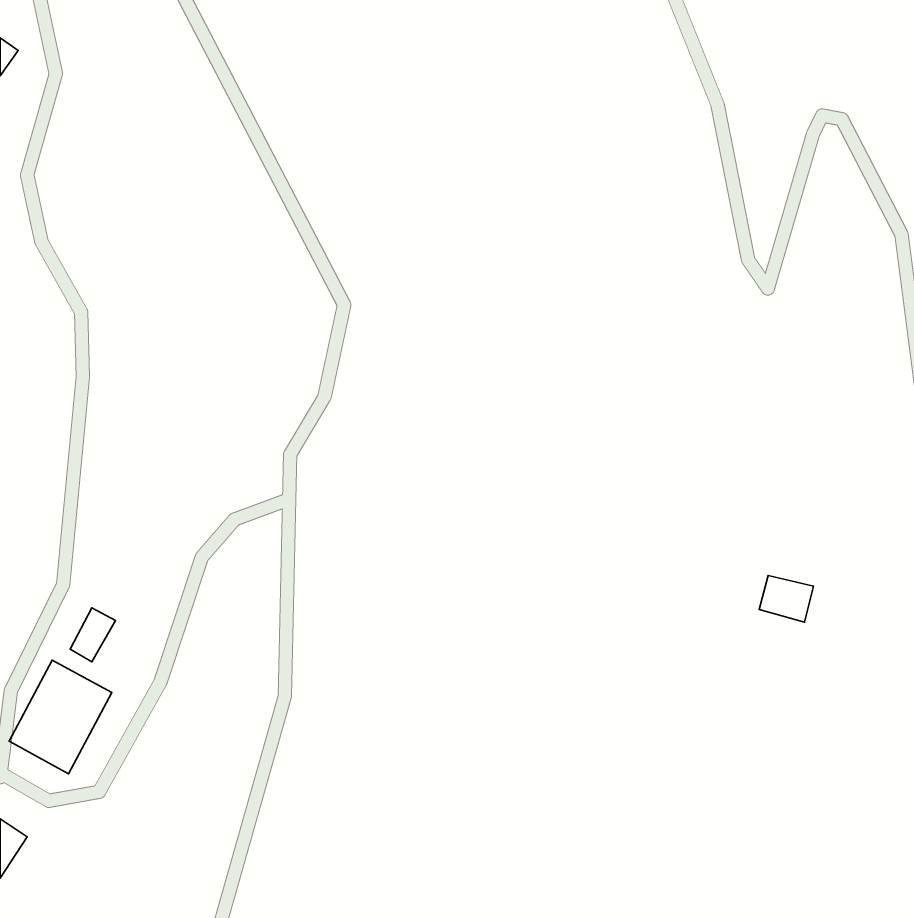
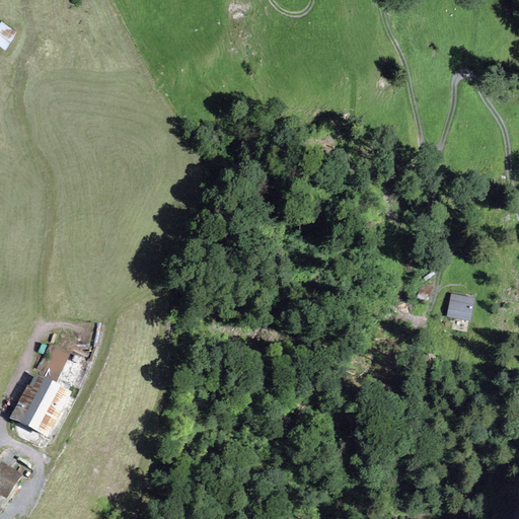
building: [759,575,813,622] -> [446,296,476,322]

